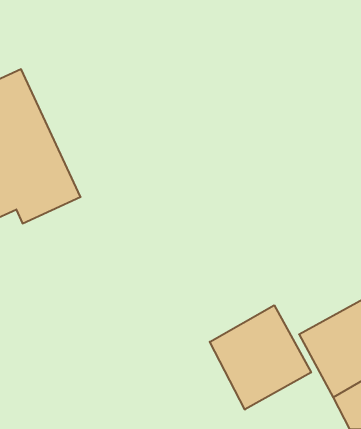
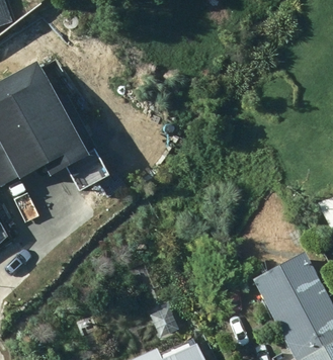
building: [210,305,311,410] -> none

